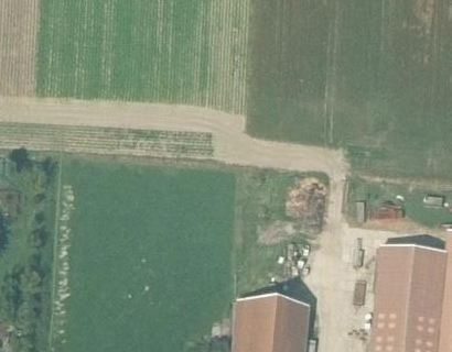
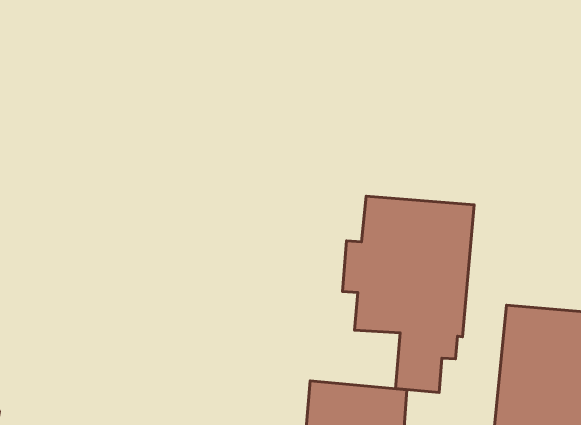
building: none -> [343,196,474,393]

